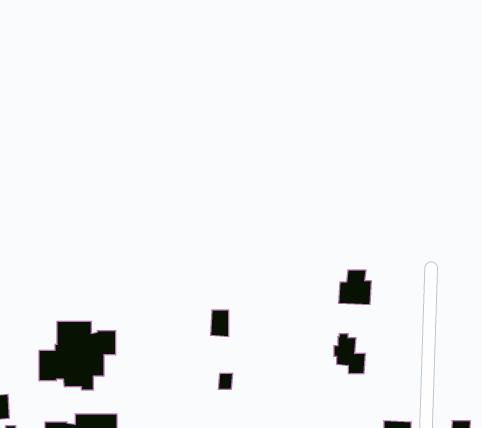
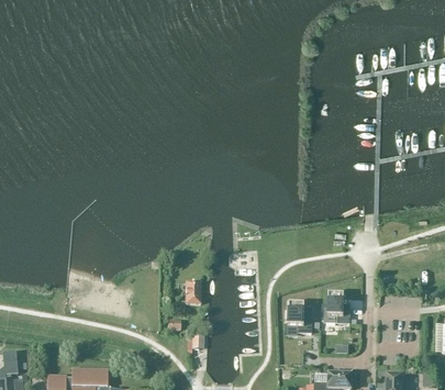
building: [339,270,371,305] -> [323,294,351,323]
building: [39,321,115,390] -> none

